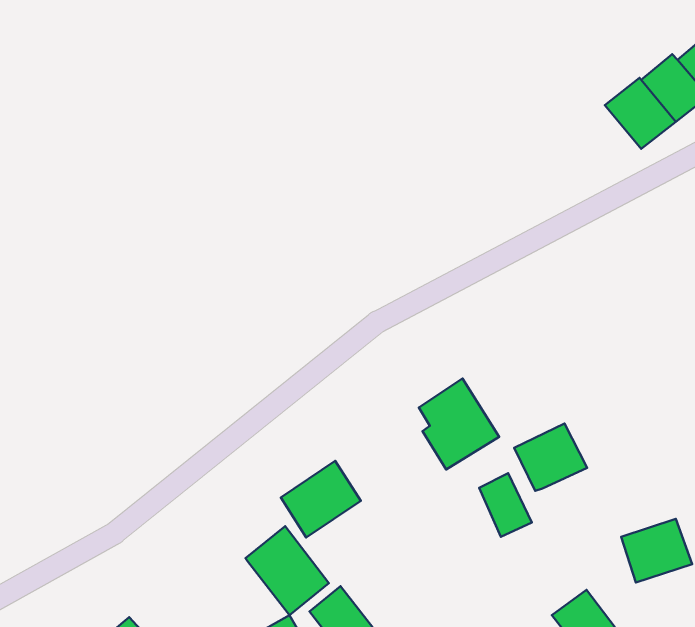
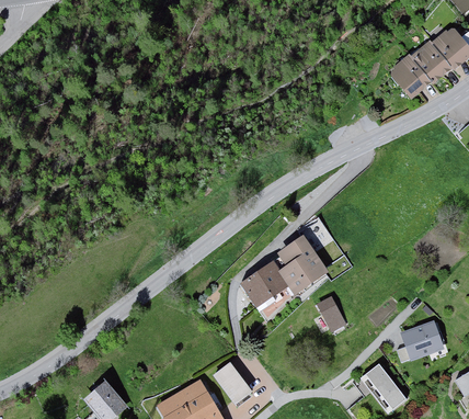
building: [514,424,587,491] -> none
building: [281,461,361,537] -> [240,263,288,309]
building: [246,526,329,615] -> none

